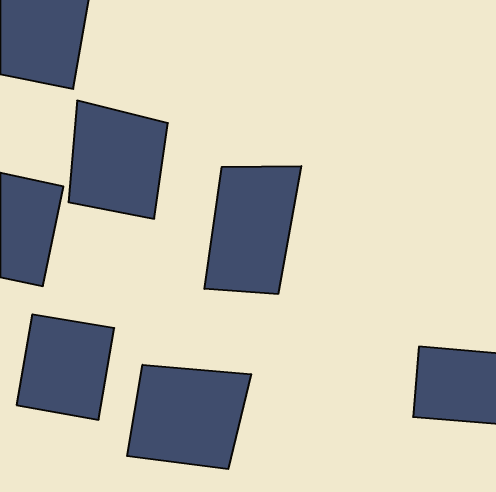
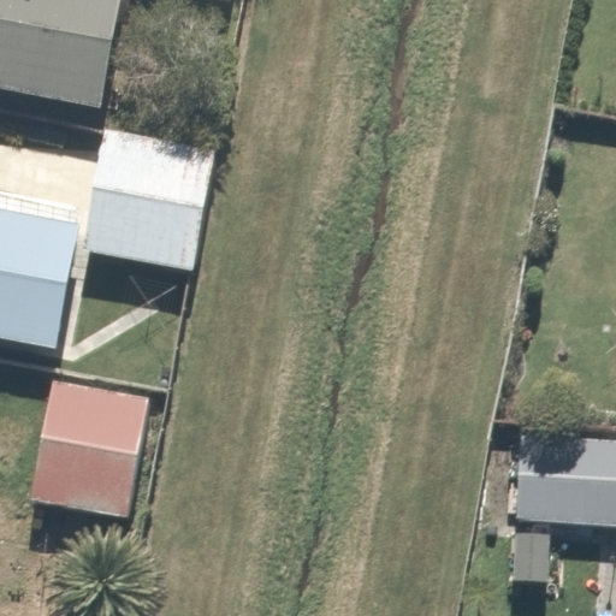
building: [204,166,301,294] -> none
building: [127,365,251,469] -> none

